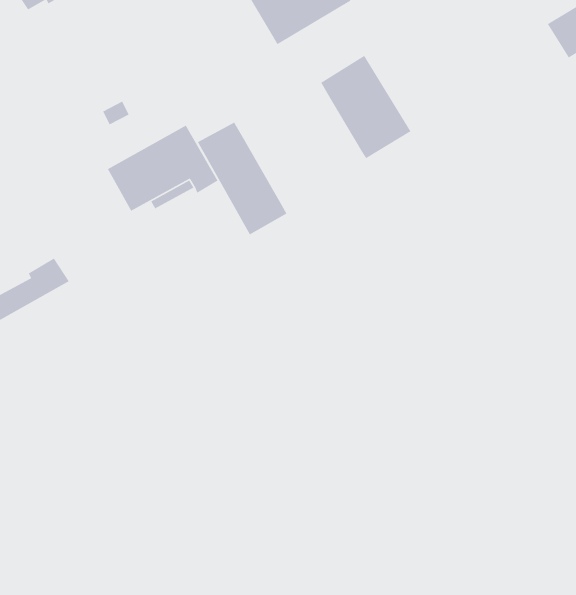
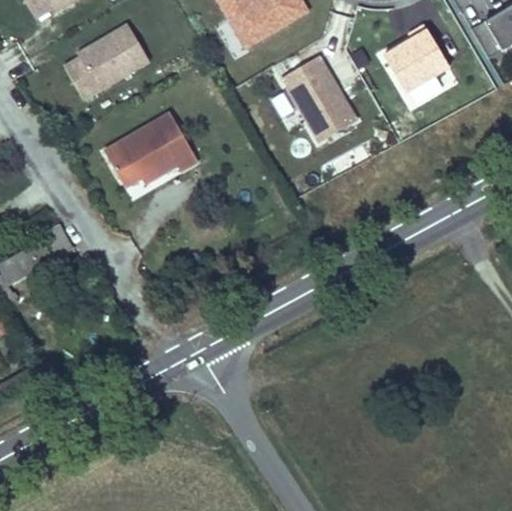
building: none -> [65,22,151,99]
building: none -> [384,24,449,91]
building: [197,121,287,235] -> none

